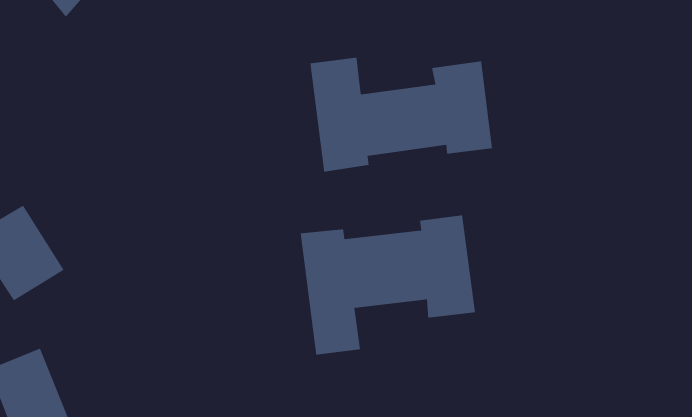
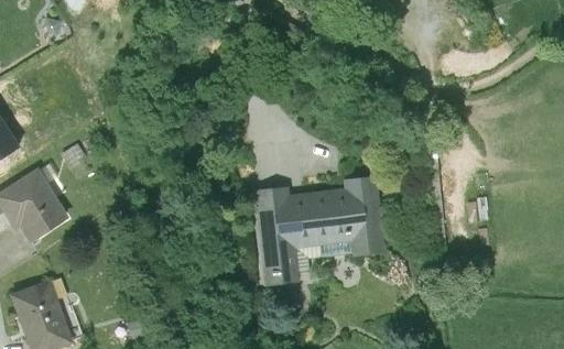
building: [310,57,493,172] -> none

